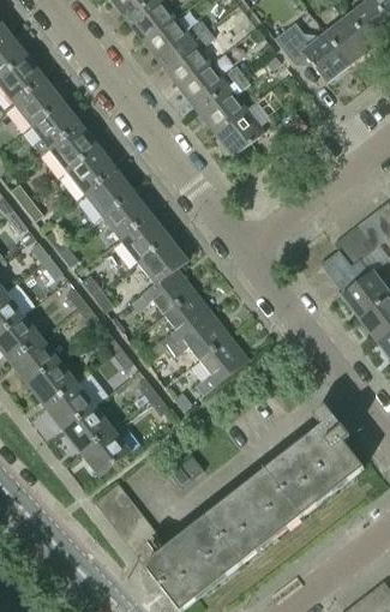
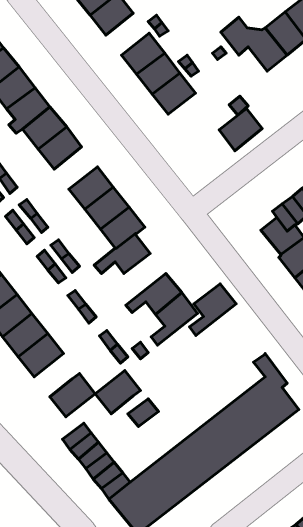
building: [143,17,192,65] -> none
building: [214,108,263,156] -> [219,109,262,151]
building: [84,169,133,217] -> none
building: [158,290,211,349] -> [190,284,236,335]
building: [61,404,113,454] -> [95,370,141,414]

